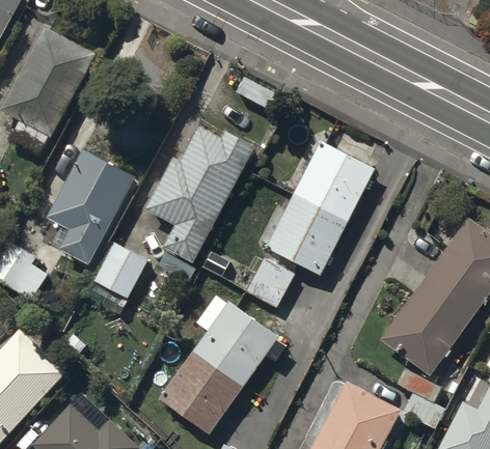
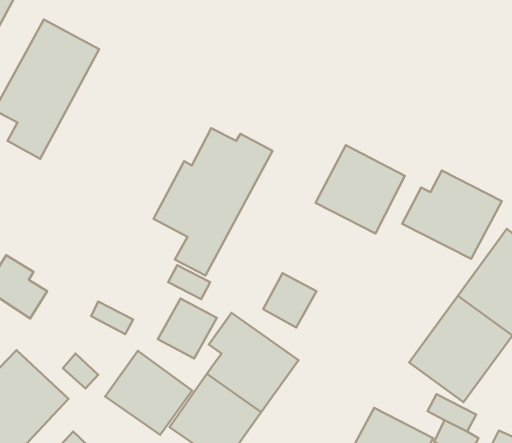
building: [48,148,135,261] -> none
building: [257,193,349,274] -> [402,171,502,259]
building: [94,242,148,297] -> [158,298,217,358]
building: none -> [105,351,192,435]

